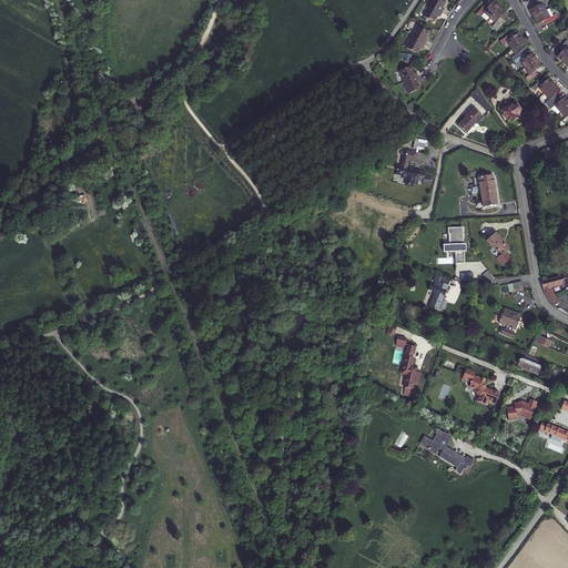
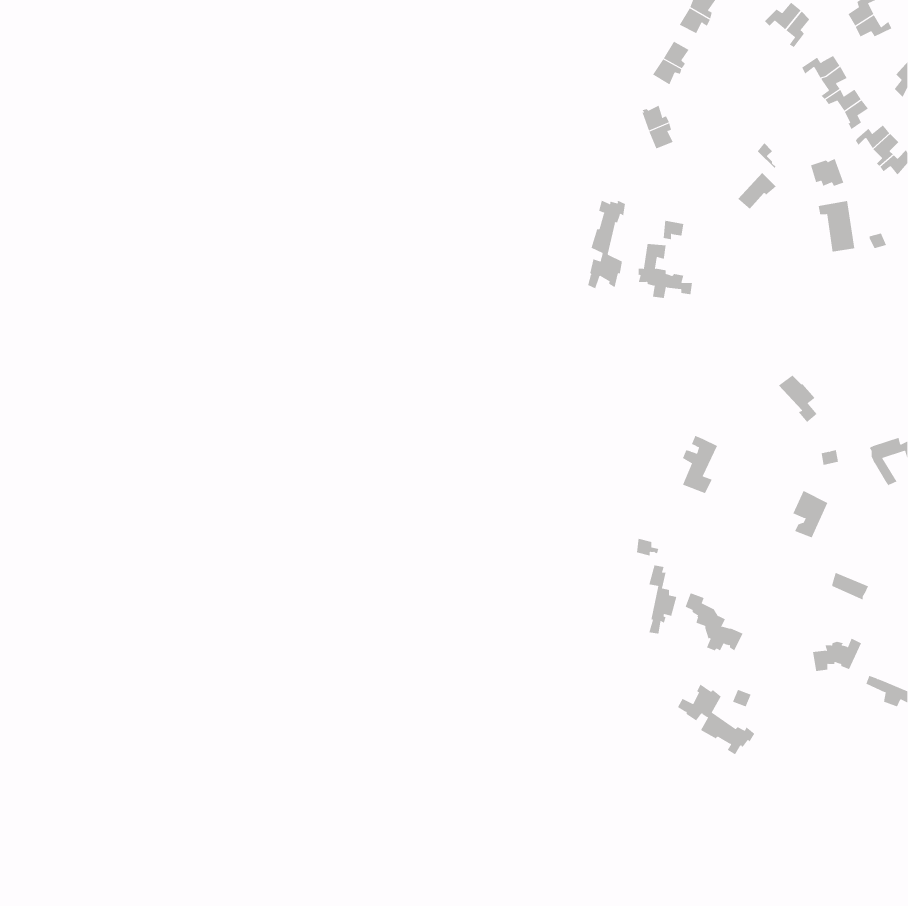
building: none -> [587,200,626,289]
building: [475,174,498,206] -> [818,201,855,252]
building: [443,227,467,271] -> none
building: [464,367,500,404] -> [685,592,743,651]

